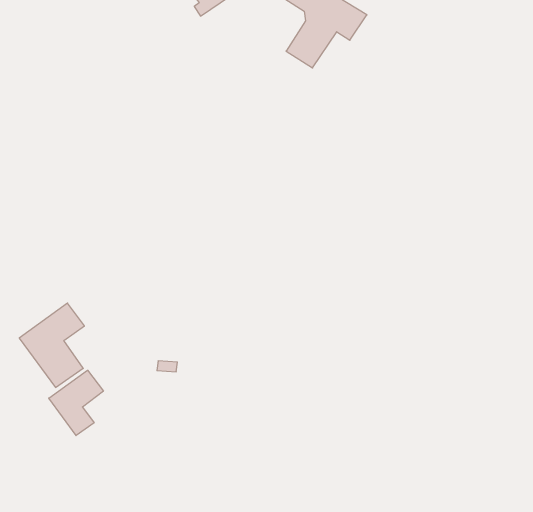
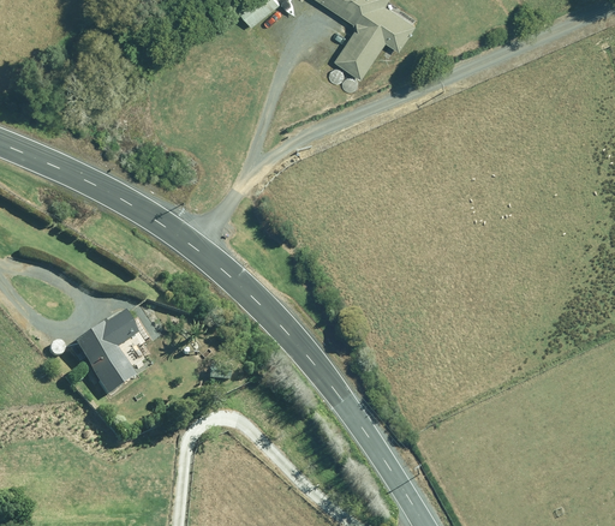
building: [49,370,103,436] -> none

